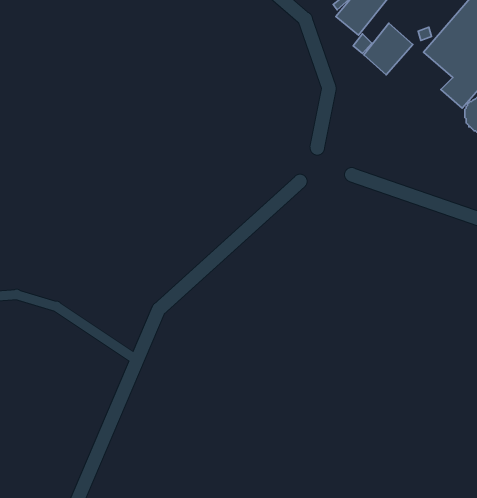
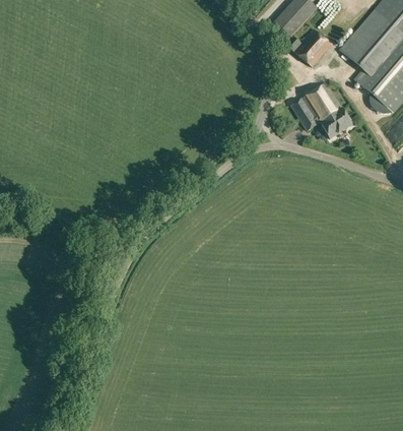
building: none -> [291,83,353,139]

